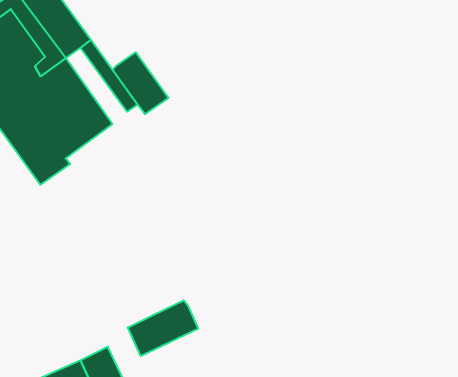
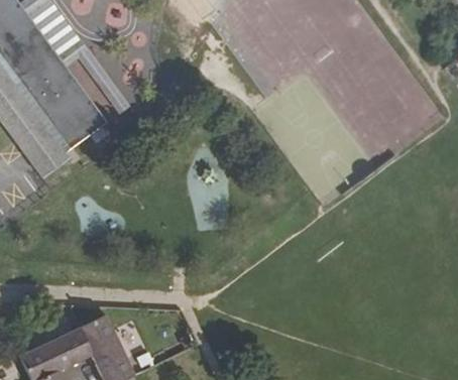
building: [112,52,169,114] -> none
building: [128,300,198,356] -> none

